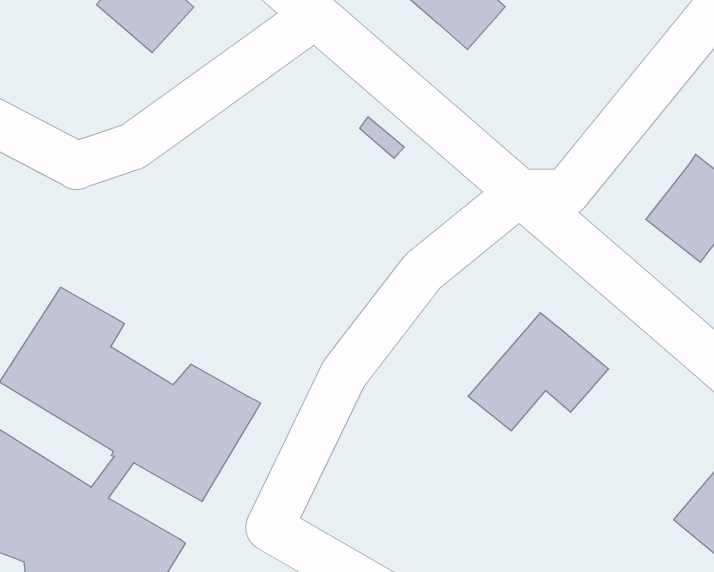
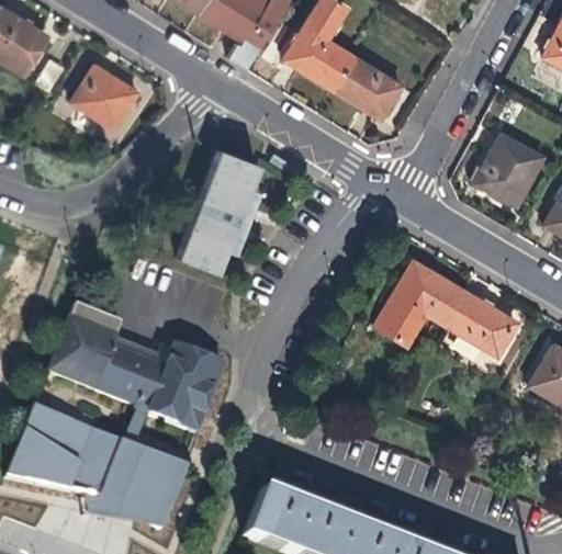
building: none -> [329,55,398,118]
building: none -> [183,152,267,279]
building: none -> [443,292,516,357]

